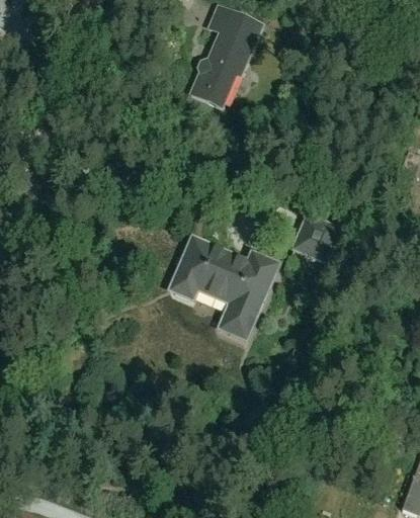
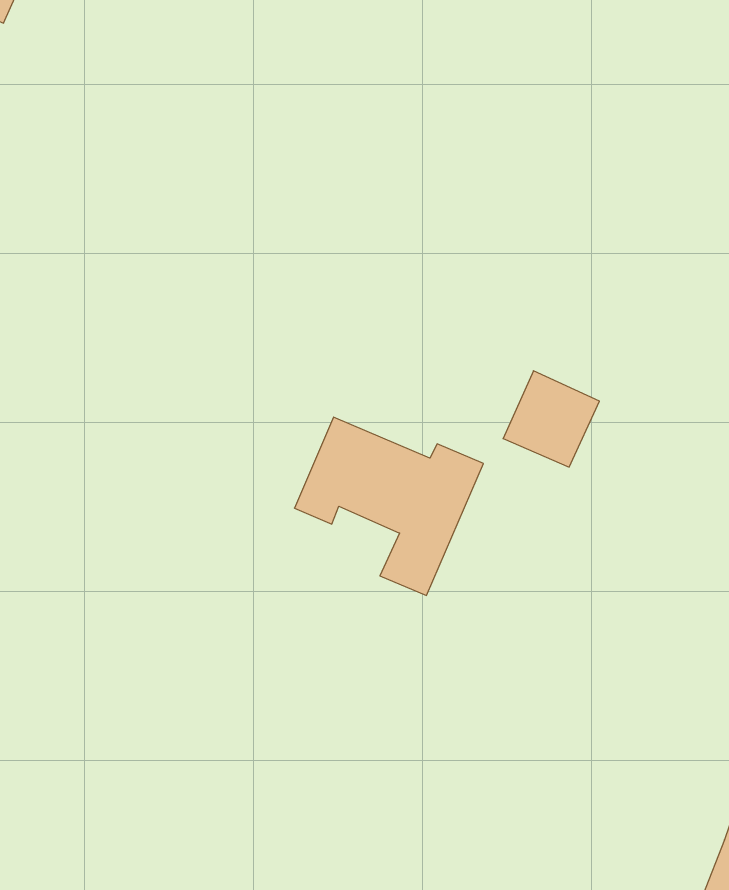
building: [190,5,262,106] -> none

